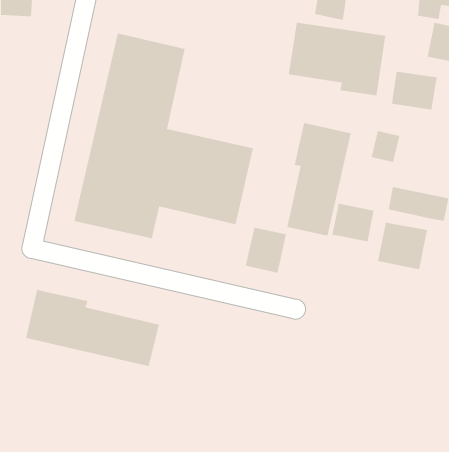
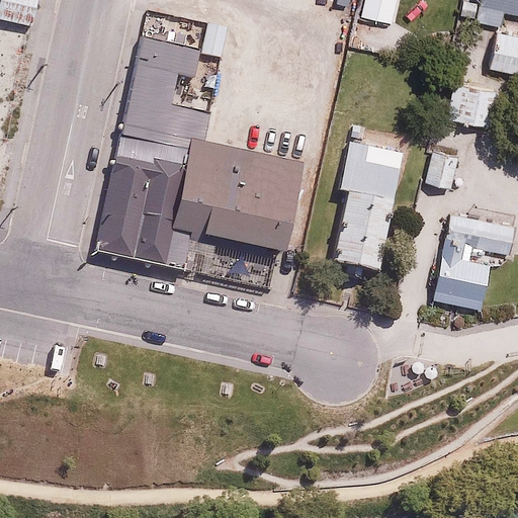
building: [288,22,386,96] -> none
building: [332,203,374,242] -> none
building: [245,227,287,273] -> none
building: [25,289,159,367] -> none

